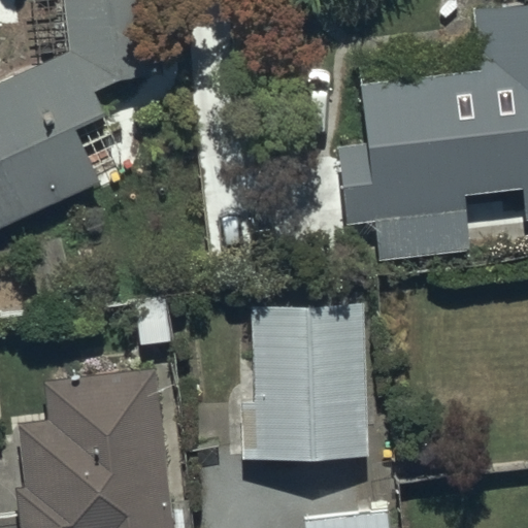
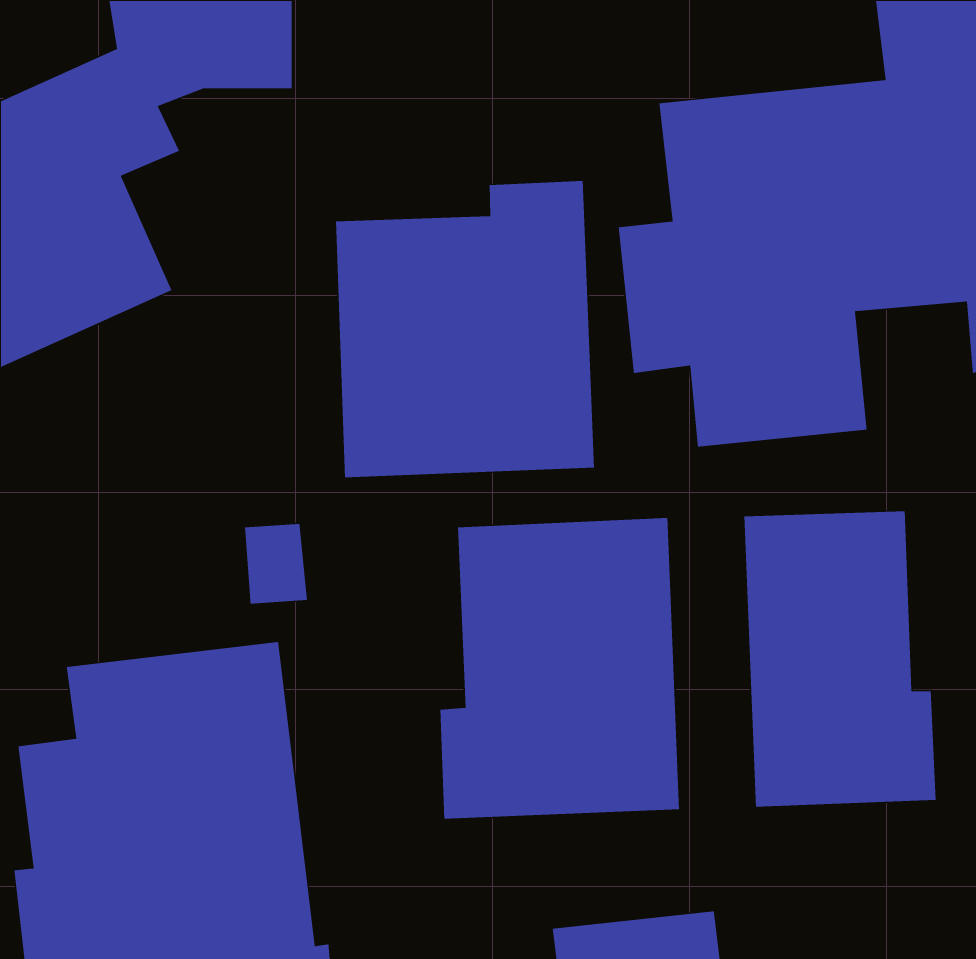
building: none -> [335,180,595,478]
building: none -> [744,511,936,808]

